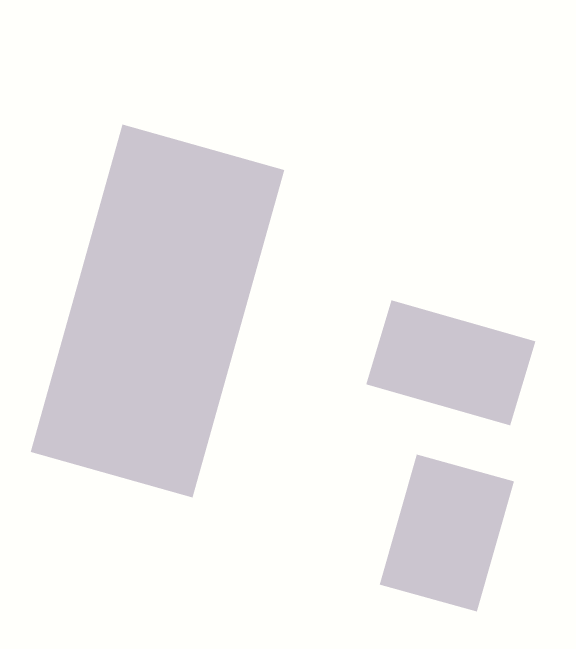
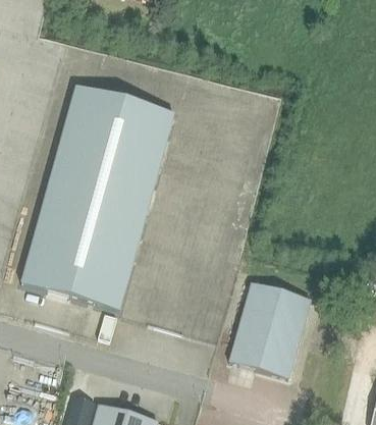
building: [366,300,536,426] -> none

